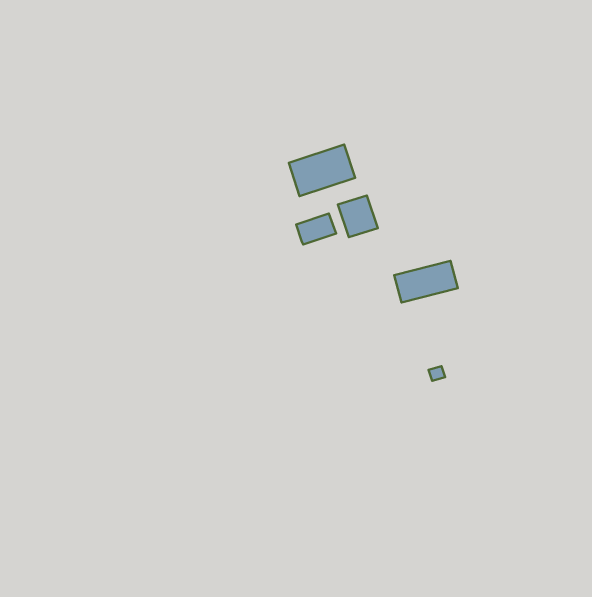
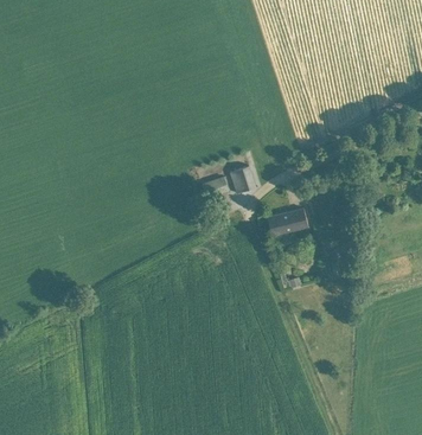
building: [289,144,355,196] -> none

